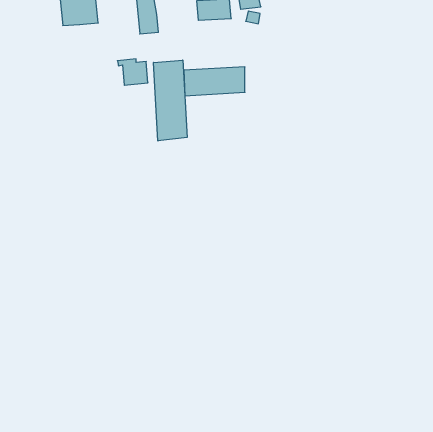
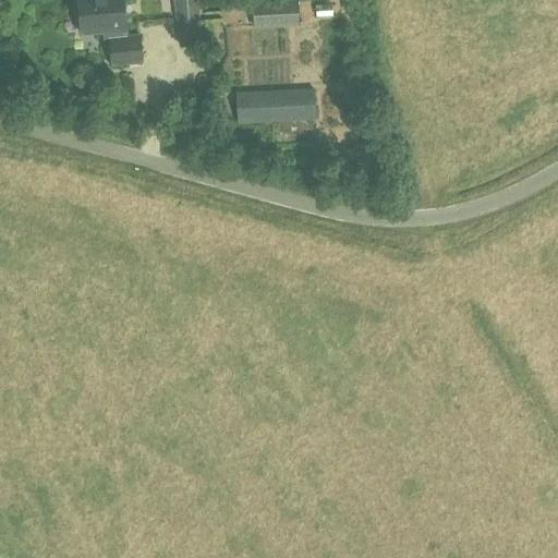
building: [117,59,148,85] -> [102,29,142,63]
building: [154,60,187,141] -> none

